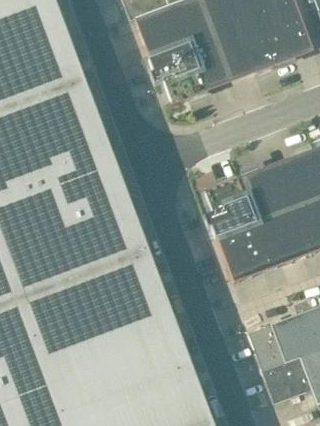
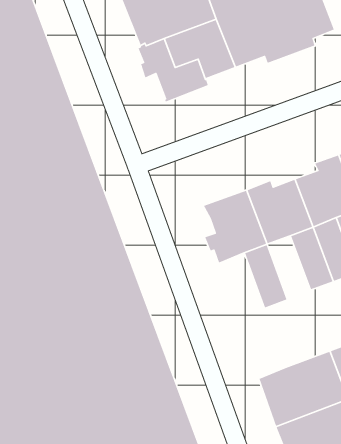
building: [254,215,290,268] -> none
building: [216,229,252,282] -> none

